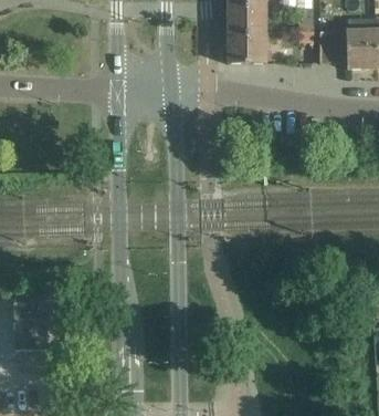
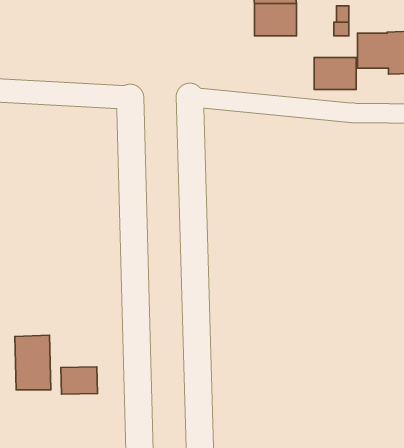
building: [229,32,266,61] -> [314,57,356,90]
building: none -> [61,367,97,394]

